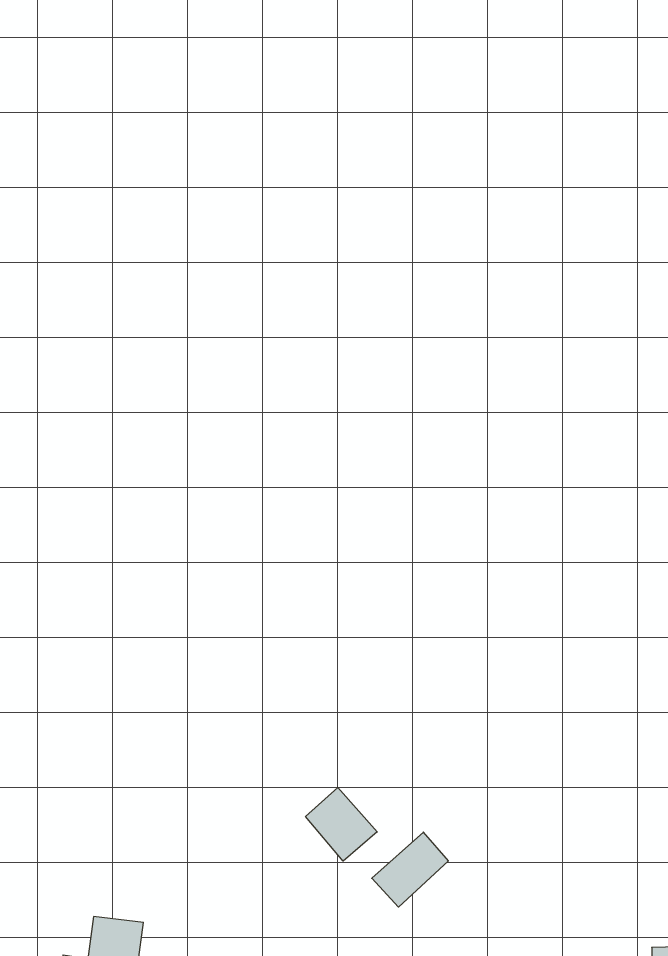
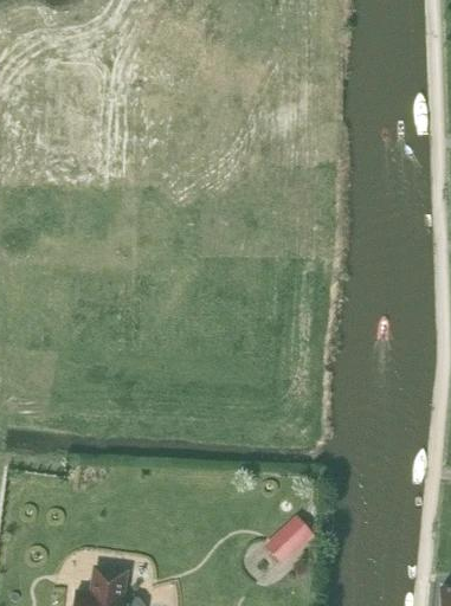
building: [306,787,377,861] -> none

